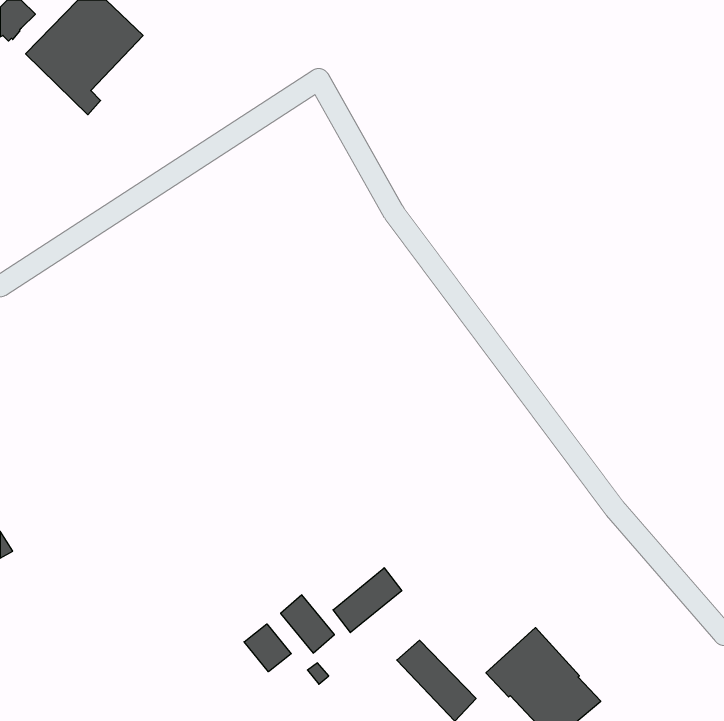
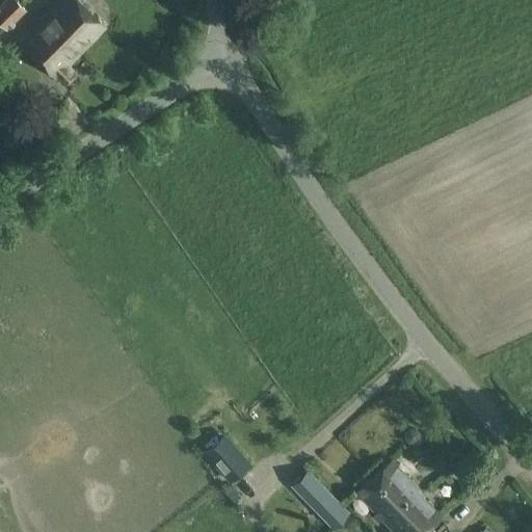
building: [333,568,402,633] -> none
building: [244,624,291,672] -> none

